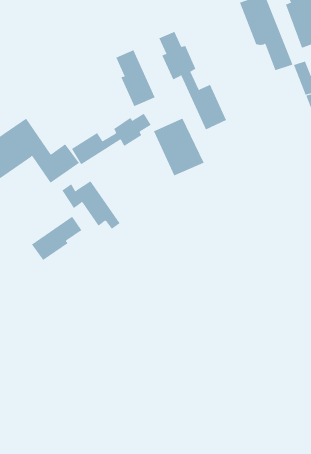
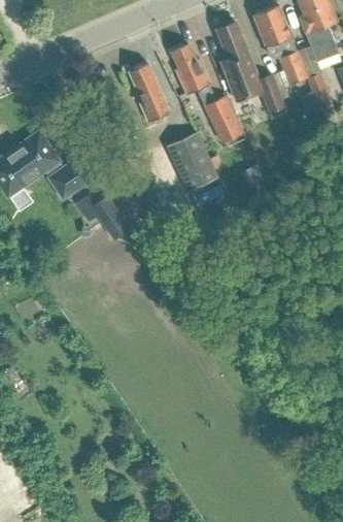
building: none -> [213,22,284,111]
building: [71,113,152,165] -> none
building: [31,216,82,261] -> none

